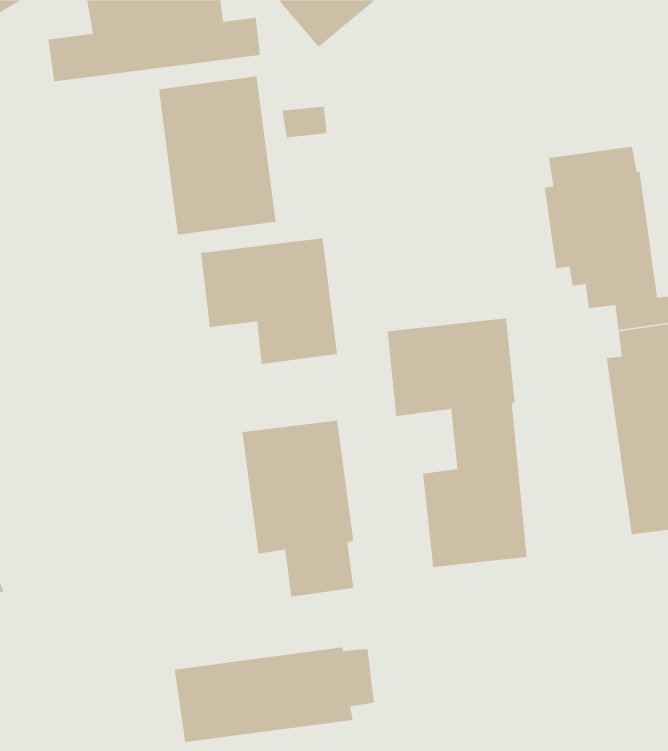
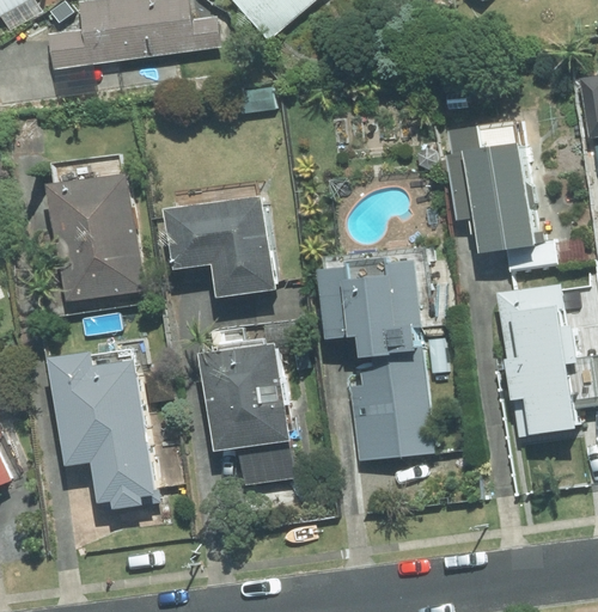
building: [158,75,277,235] -> [47,172,142,301]
building: none -> [49,350,157,509]
building: [174,647,375,743] -> none

